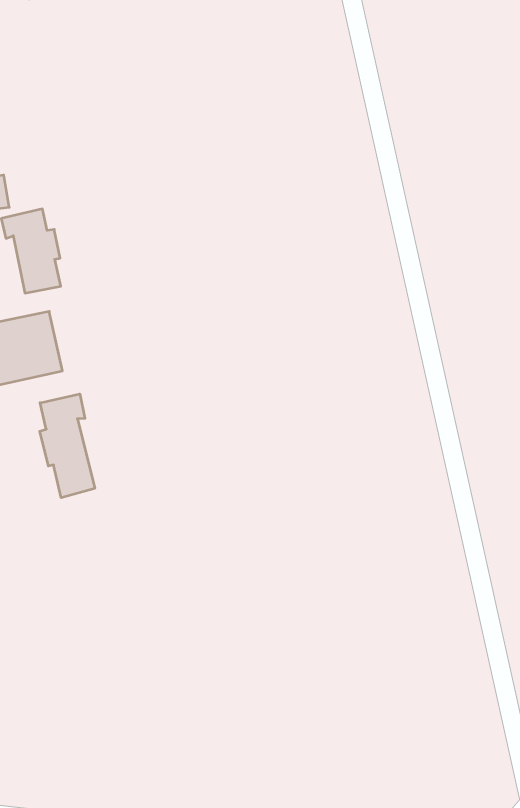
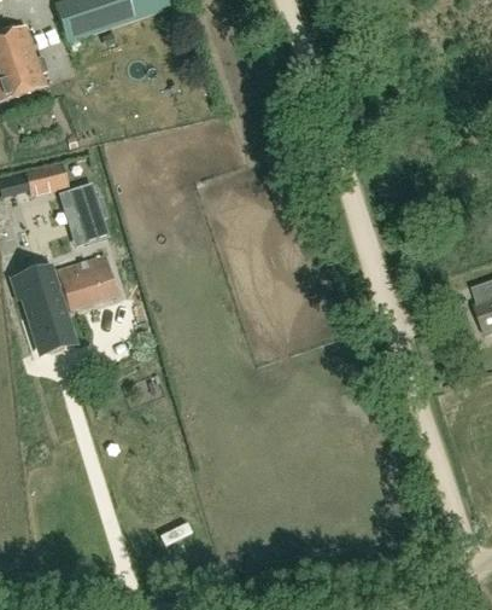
building: [40,394,95,498] -> none

